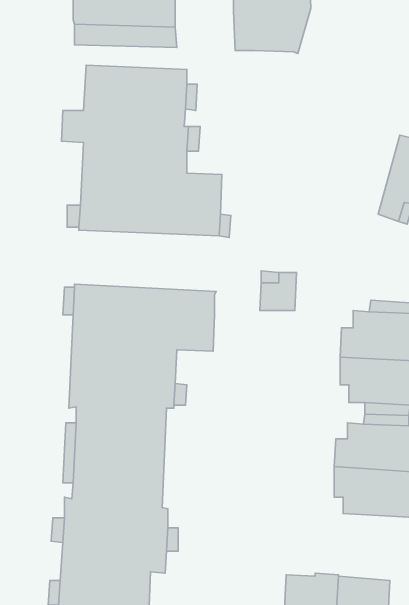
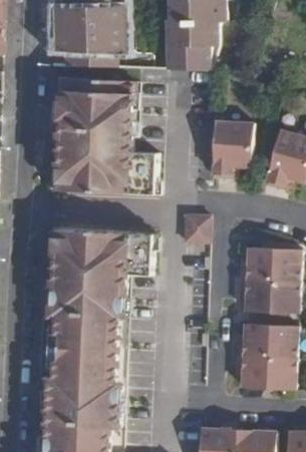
building: none -> [212,118,251,175]

